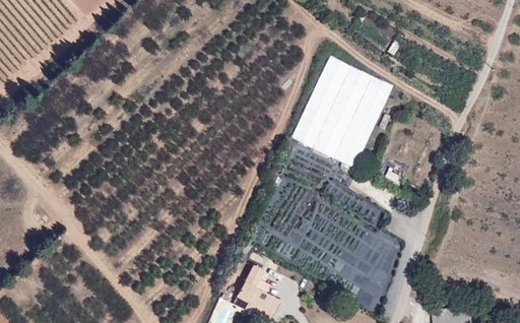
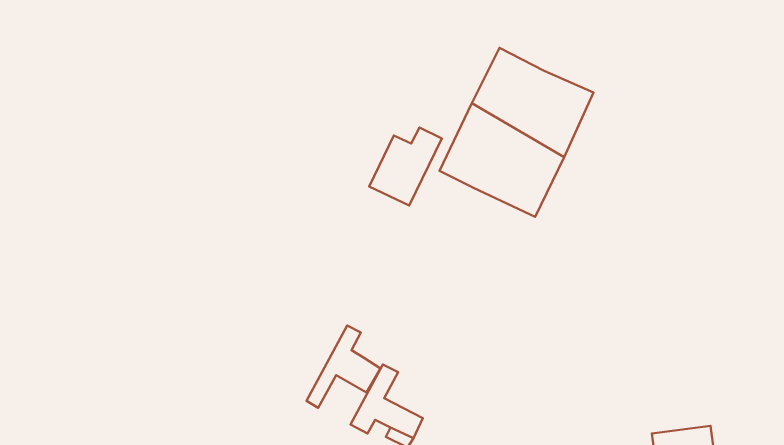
building: none -> [369,127,442,206]
building: none -> [306,325,380,408]

